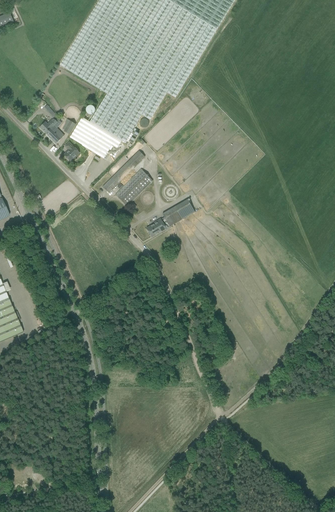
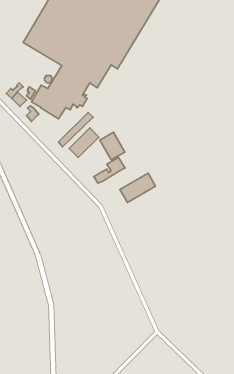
building: none -> [100,132,125,160]
building: none -> [120,173,156,202]

